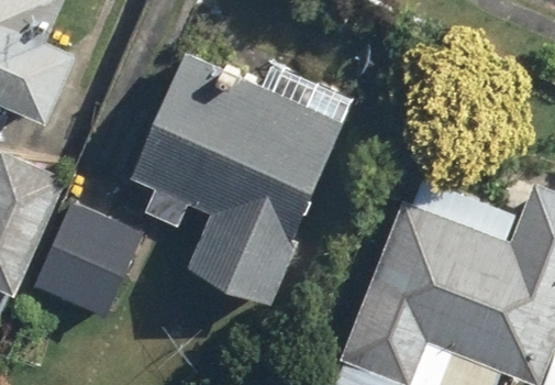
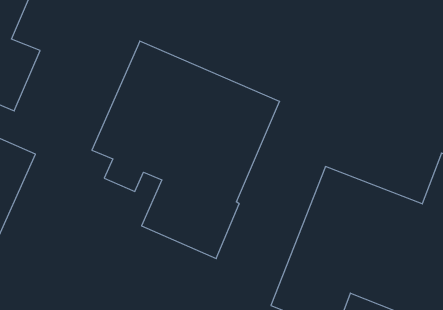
building: [33,200,144,317] -> none

